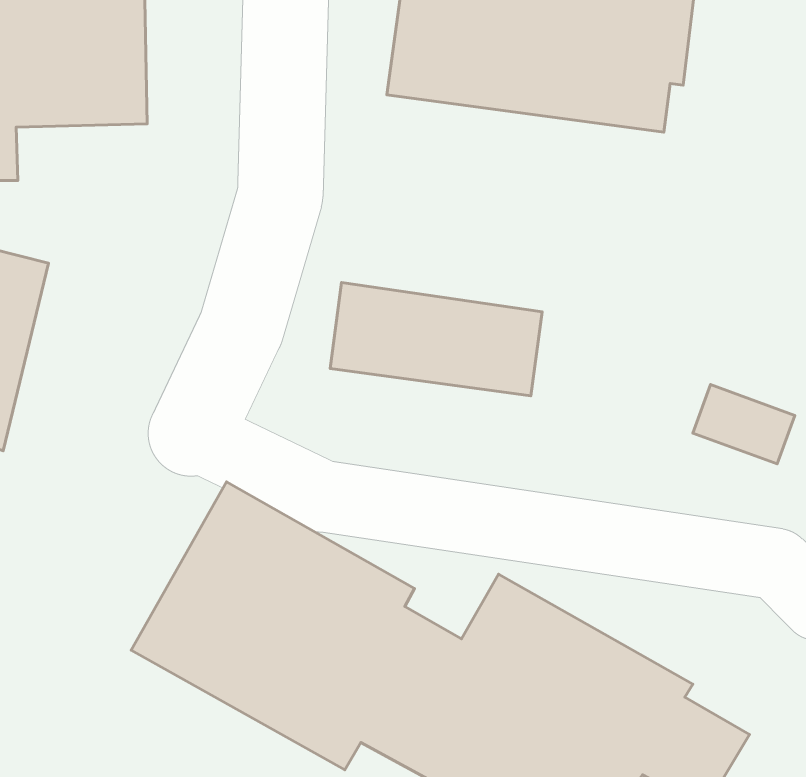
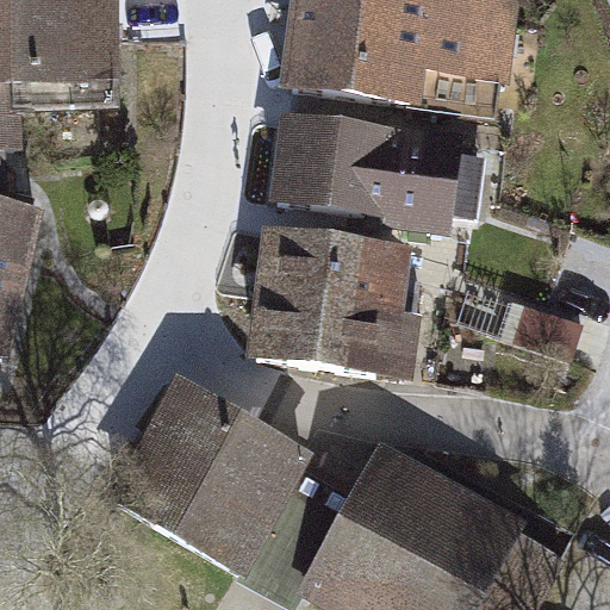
building: none -> [278,119,480,229]
building: none -> [241,290,413,375]

